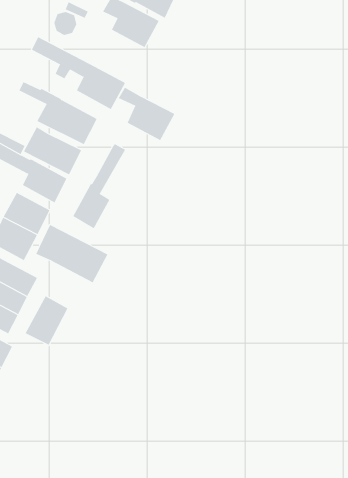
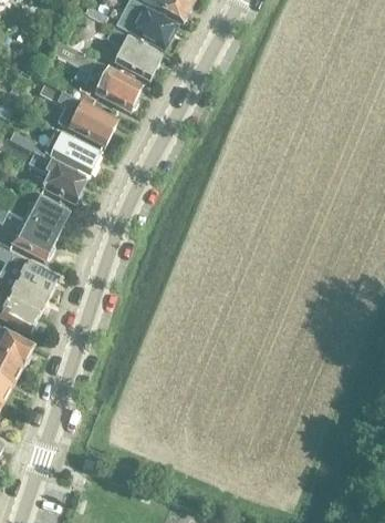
building: [118,87,175,141] -> [105,28,162,81]
building: [73,143,126,229] -> none
building: [35,224,108,283] -> none
building: [25,295,68,346] -> none

